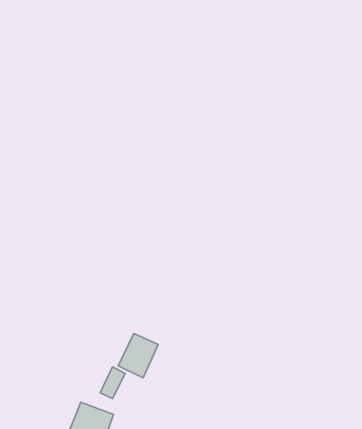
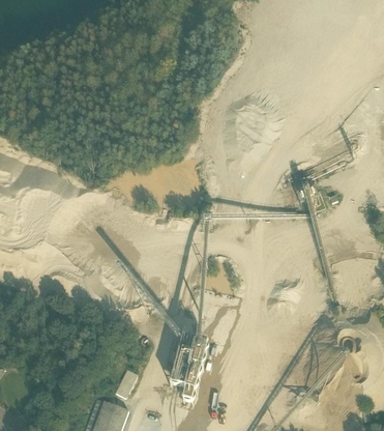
building: [118,333,158,378] -> none

